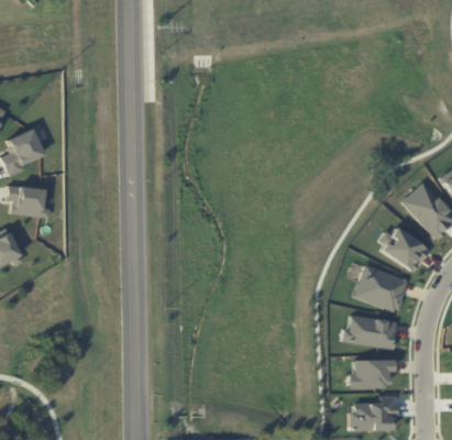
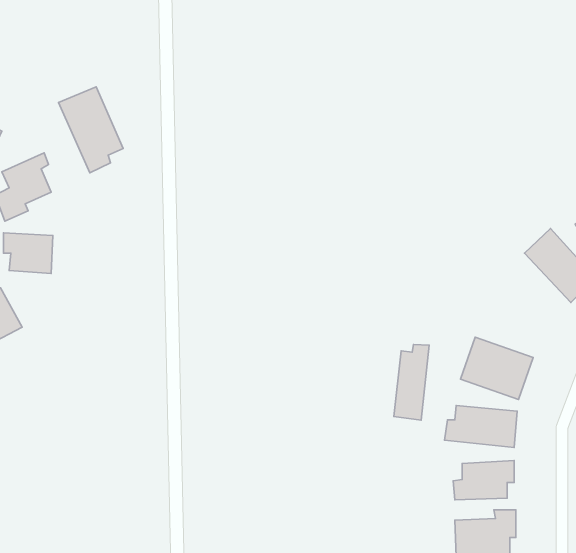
building: none -> [58,87,123,173]
building: [379,227,430,273] -> none
building: none -> [394,344,429,420]

